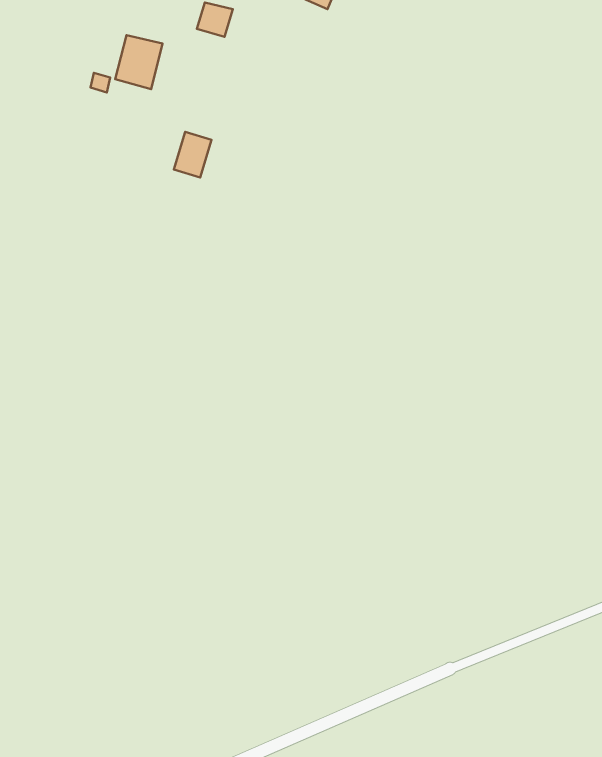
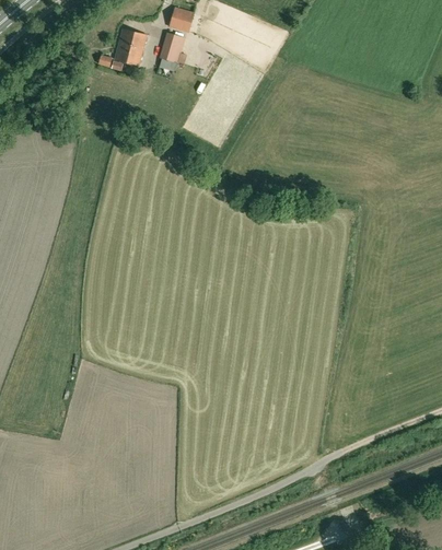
building: [174,132,211,178] -> [160,32,185,62]

